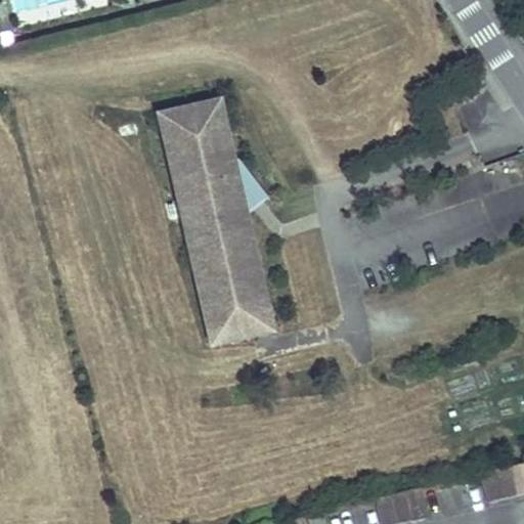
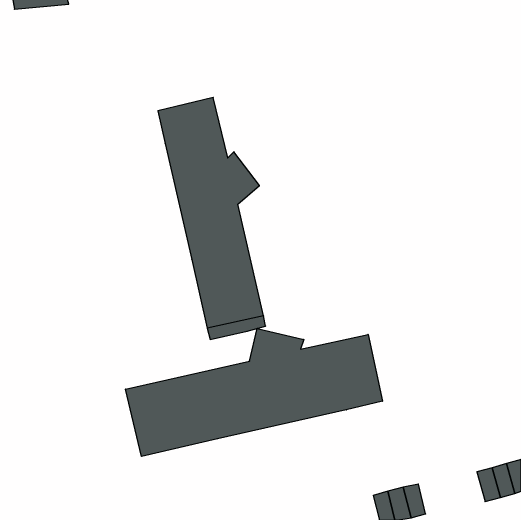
building: none -> [126,328,382,456]

